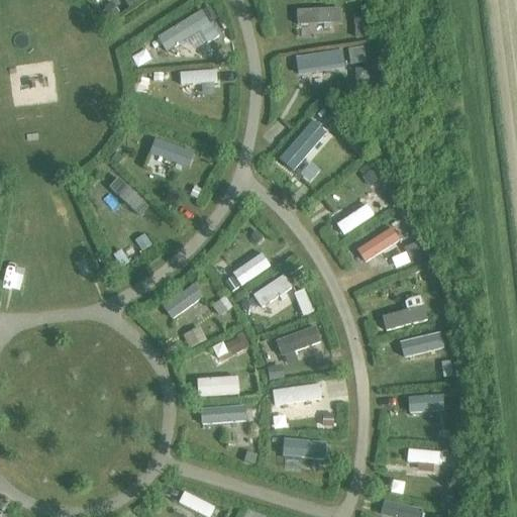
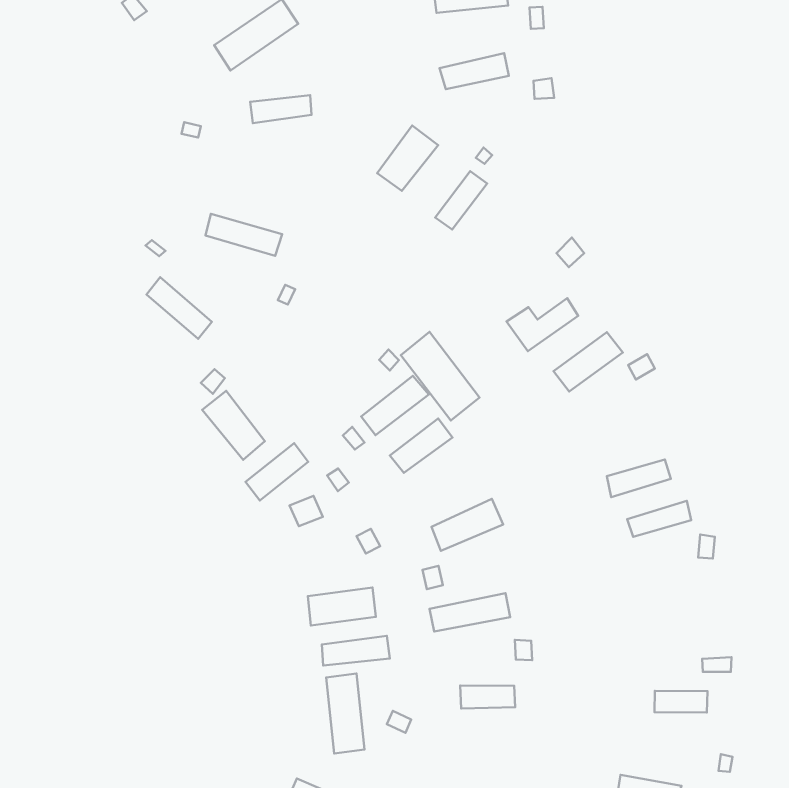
building: none -> [377,125,438,191]
building: none -> [401,332,480,421]
building: none -> [202,391,265,460]
building: [408,394,444,413] -> none
building: none -> [326,673,364,753]

